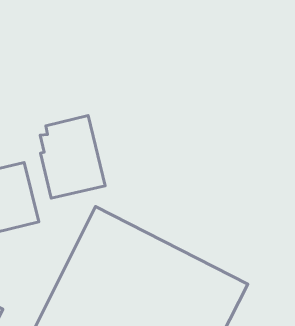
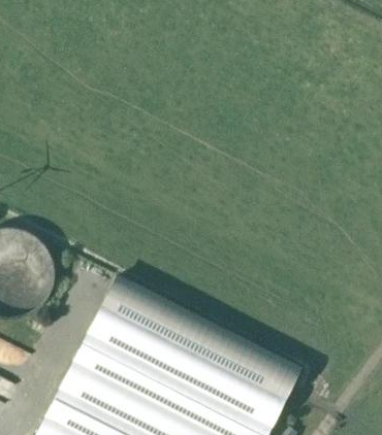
building: [40,116,105,198] -> none

